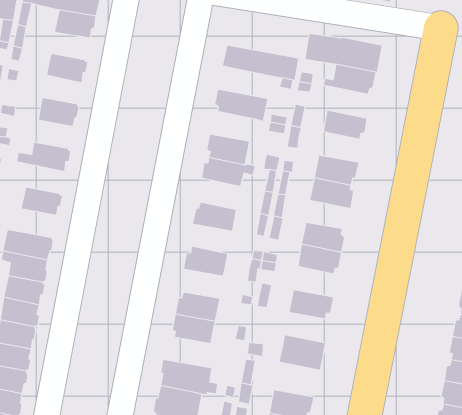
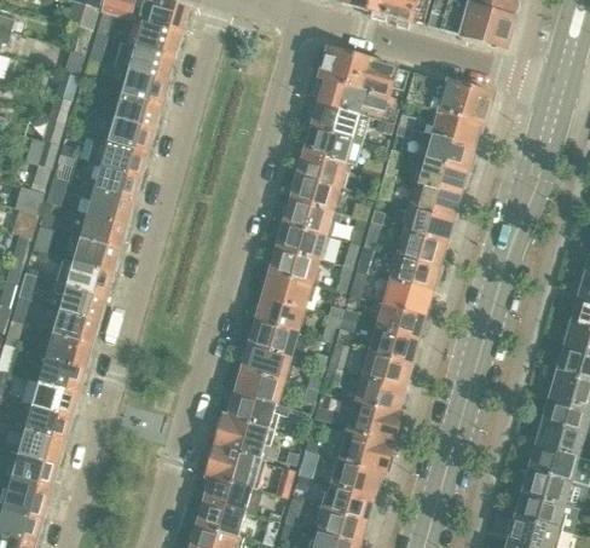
building: none -> [320,48,407,100]
building: none -> [114,41,173,81]
building: none -> [307,102,369,142]
building: none -> [114,93,160,128]
building: none -> [424,134,474,173]
building: none -> [294,150,345,186]
building: none -> [86,138,145,177]
building: none -> [411,183,459,220]
building: none -> [77,185,132,225]
building: none -> [274,221,323,260]
building: none -> [391,256,441,292]
building: none -> [73,237,118,272]
building: none -> [261,271,310,307]
building: none -> [370,328,418,365]
building: none -> [247,319,295,356]
building: none -> [355,377,404,415]
building: none -> [222,393,288,429]
building: none -> [339,431,392,473]

